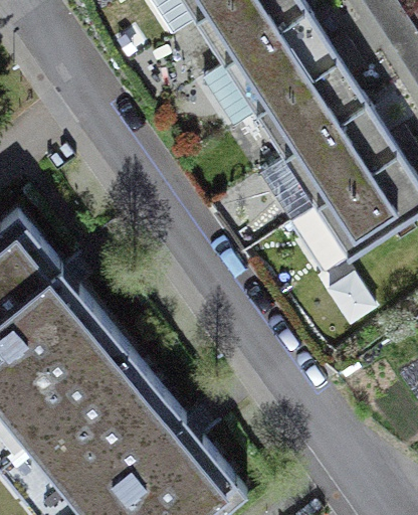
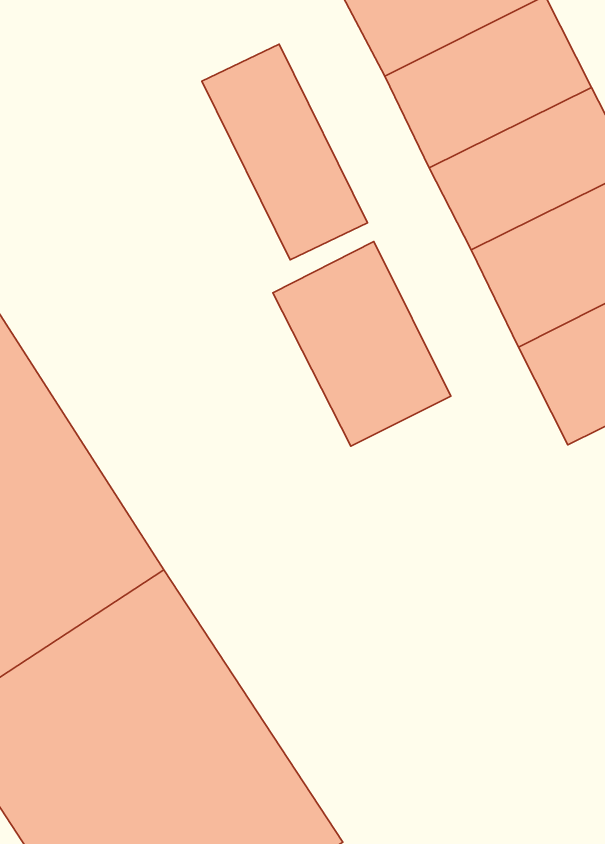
building: none -> [202,44,367,260]
building: none -> [273,242,451,446]

